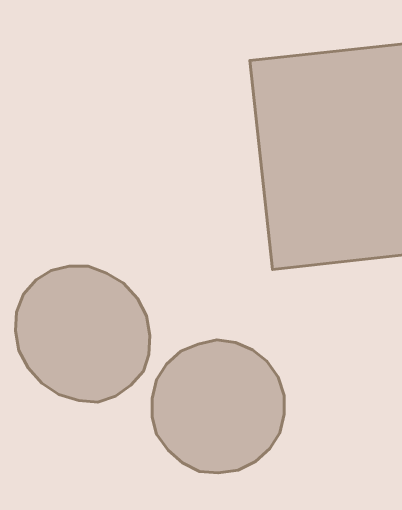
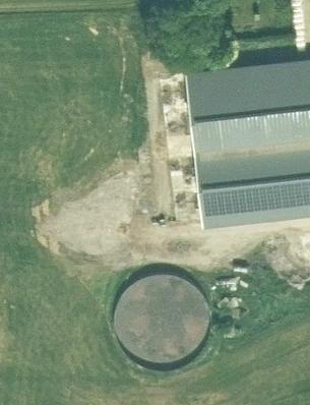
building: [16,266,150,402] -> none

